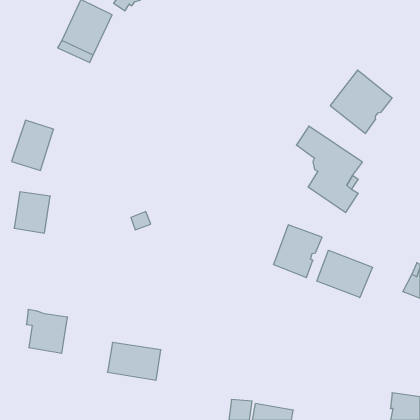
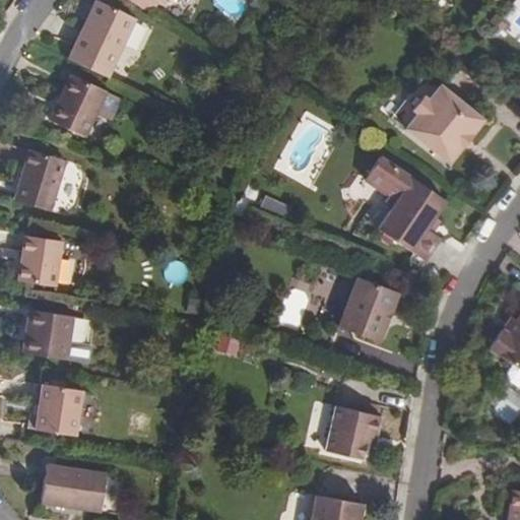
building: none -> [51,72,109,135]
building: [317,250,372,298] -> none
building: none -> [24,312,75,363]
building: none -> [324,404,379,457]
building: [107,342,161,380] -> [42,464,108,511]

